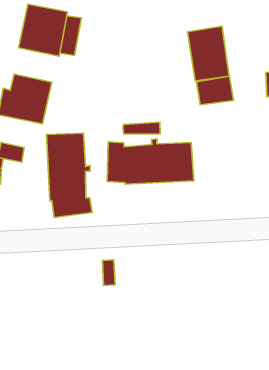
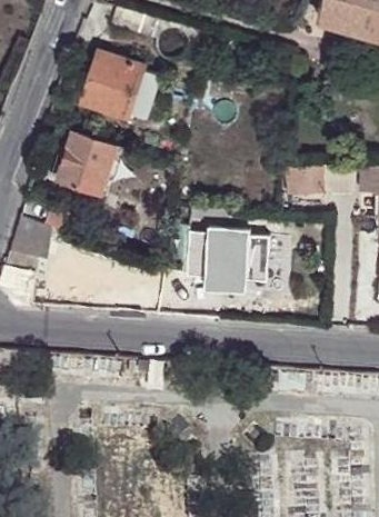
building: [187,26,229,81] -> none
building: [46,133,92,217] -> none

